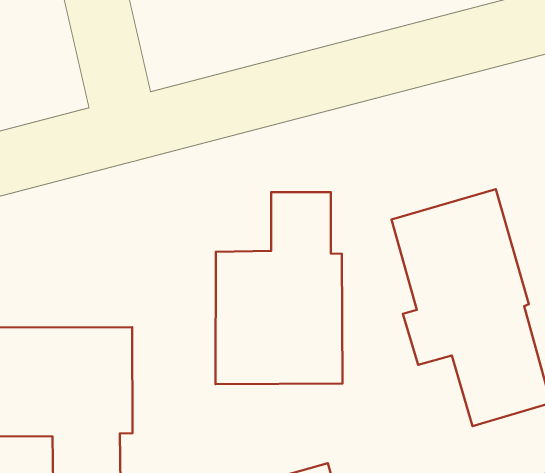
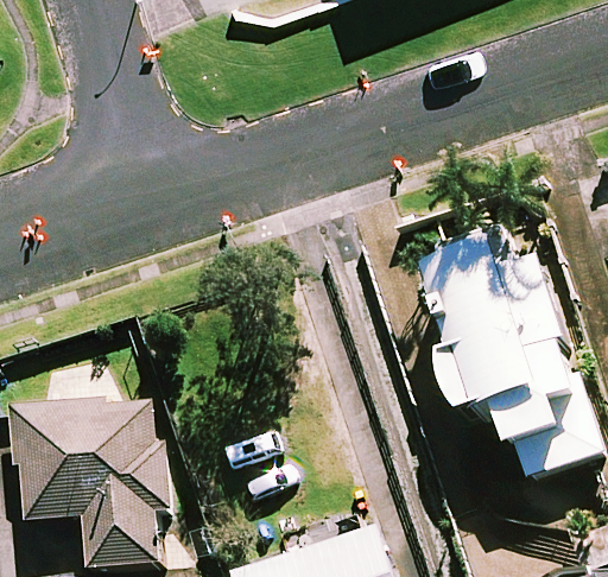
building: [216,192,343,384] -> none

